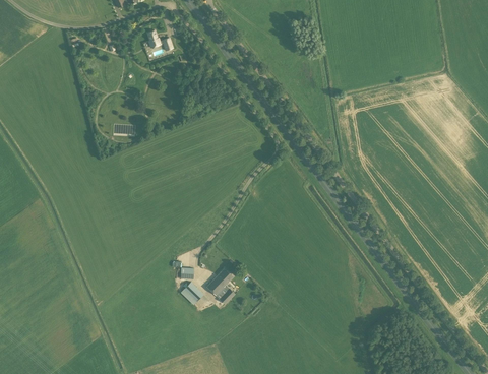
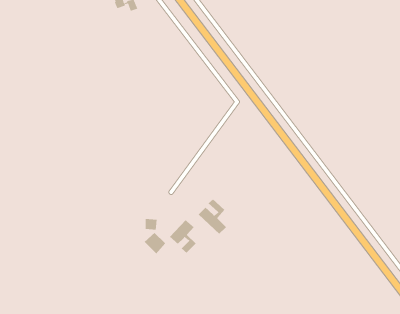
building: none -> [198,199,227,235]

